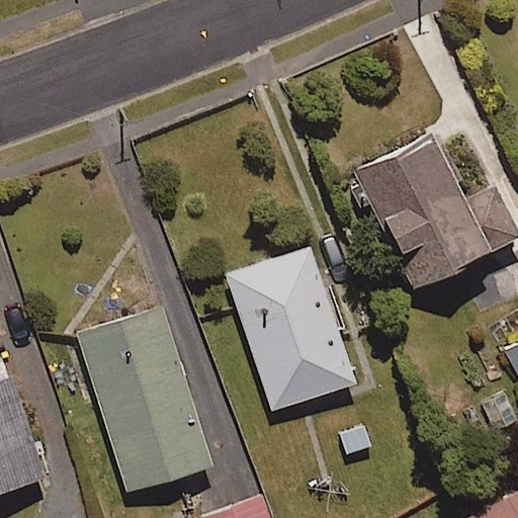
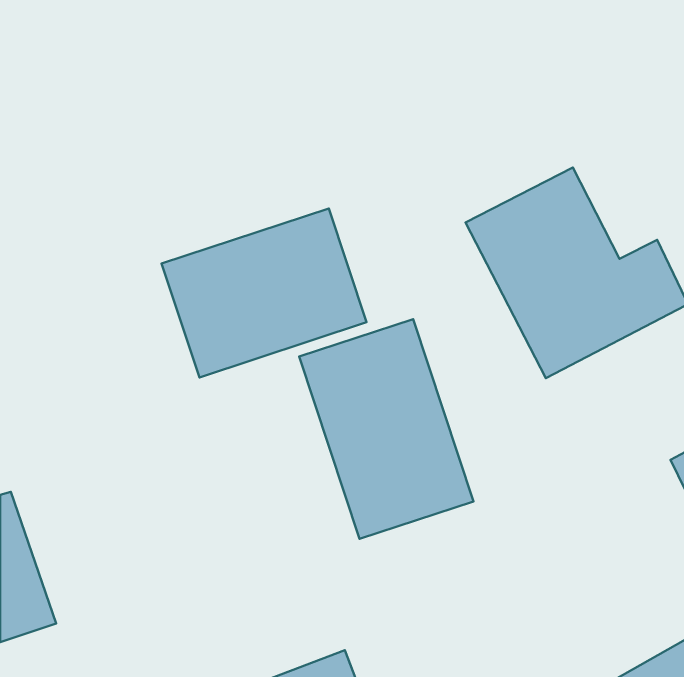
building: none -> [162,208,367,377]
building: [76,306,213,494] -> none

